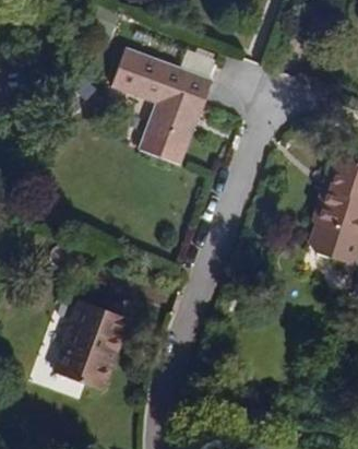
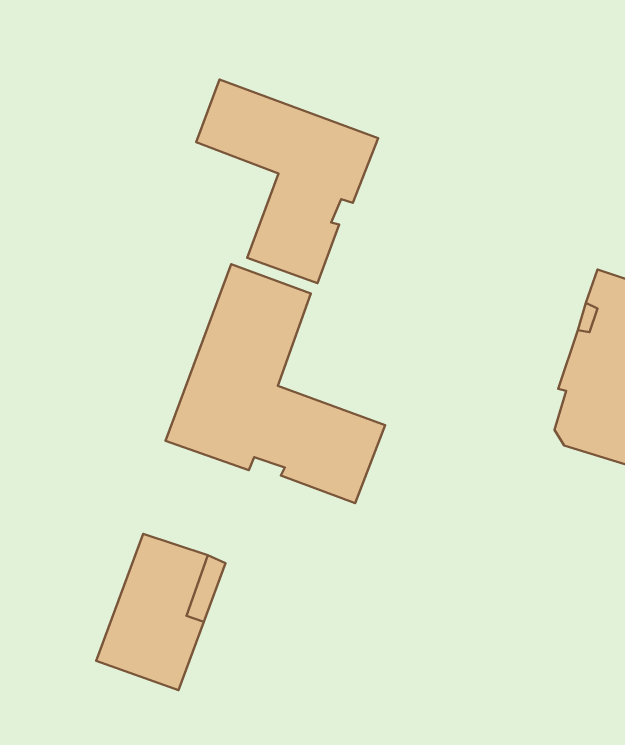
building: none -> [166,264,385,503]

